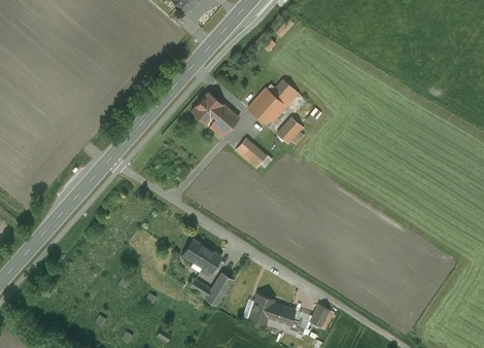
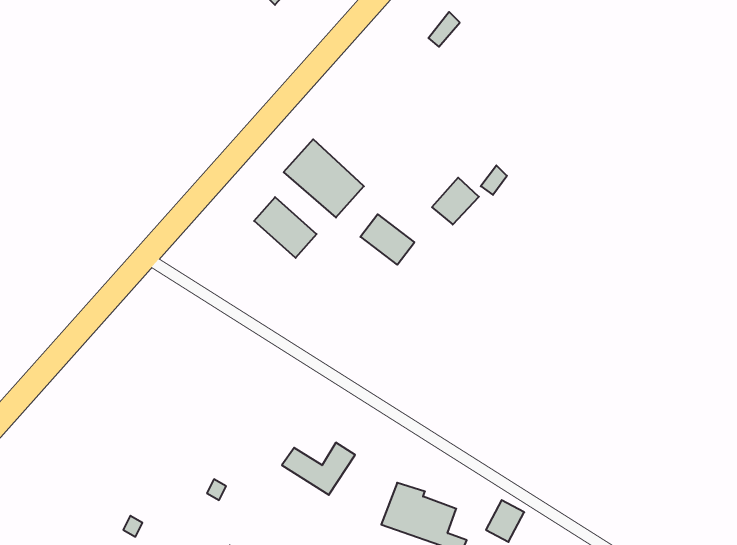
building: [248,76,298,123] -> none
building: none -> [254,197,317,258]
building: [182,240,220,273] -> none

